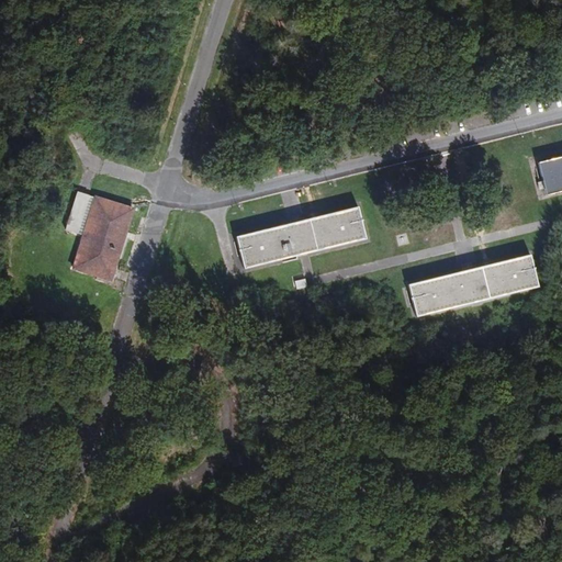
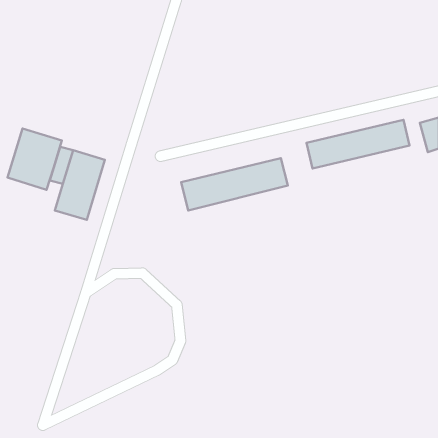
building: none -> [7,129,62,190]
building: [409,254,541,316] -> [306,120,410,169]

